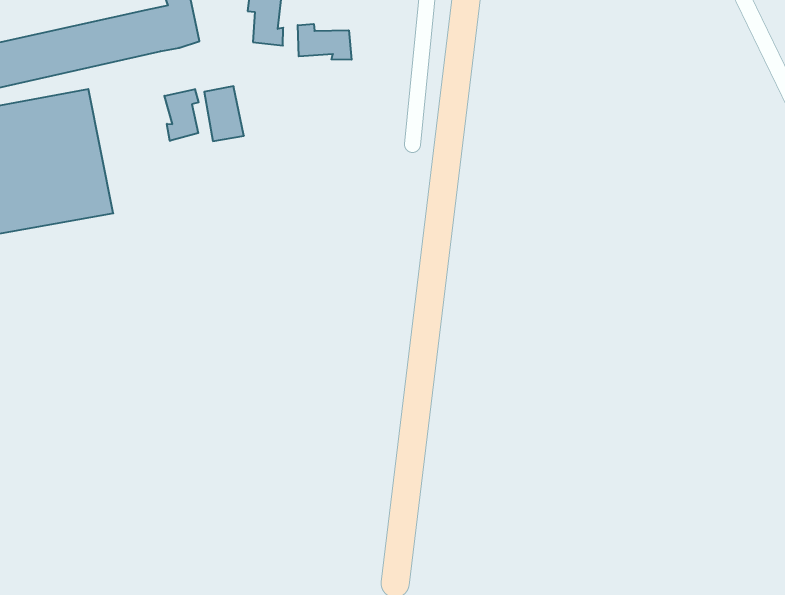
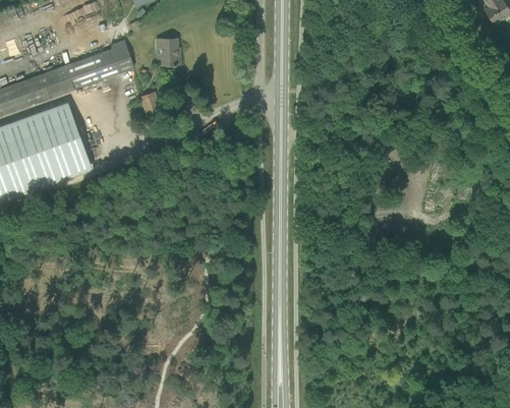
building: [298,24,352,60] -> none
building: [164,89,199,141] -> none

